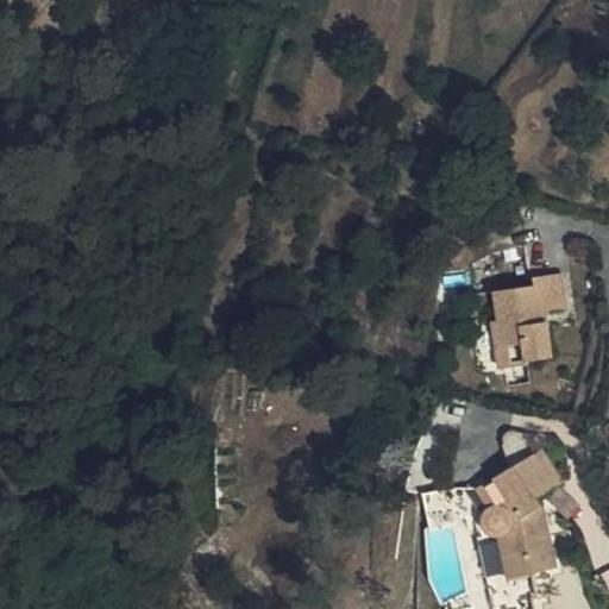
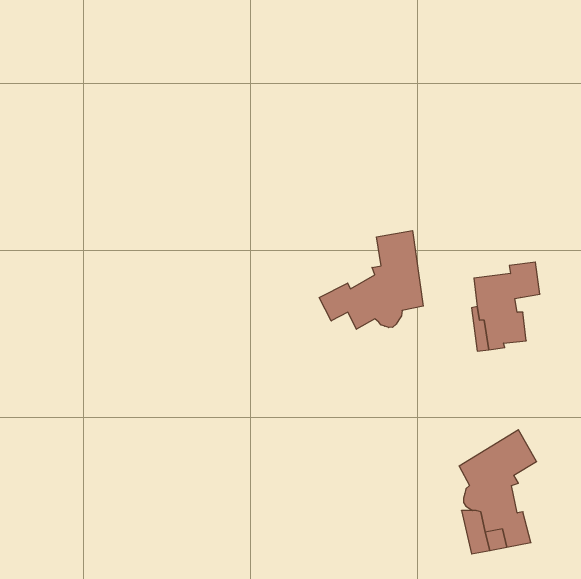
building: none -> [319,231,423,329]

